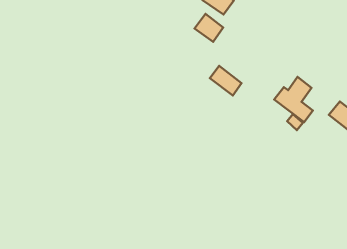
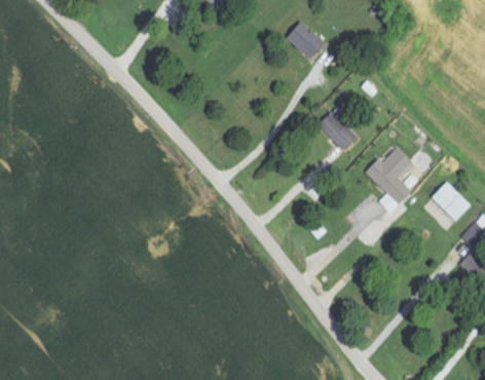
building: [195,14,223,42] -> none
building: [210,66,241,96] -> [316,111,356,150]

